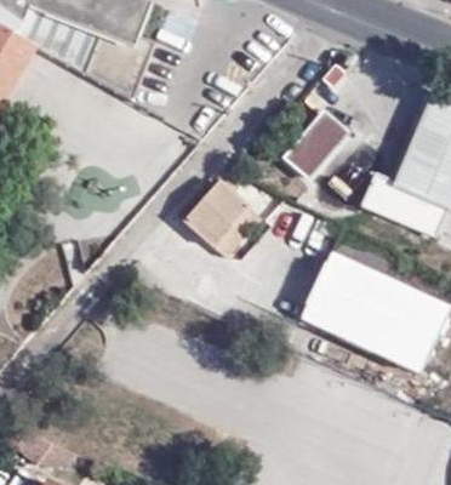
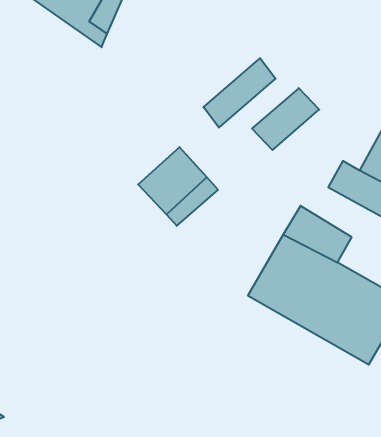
building: none -> [203,58,276,128]

